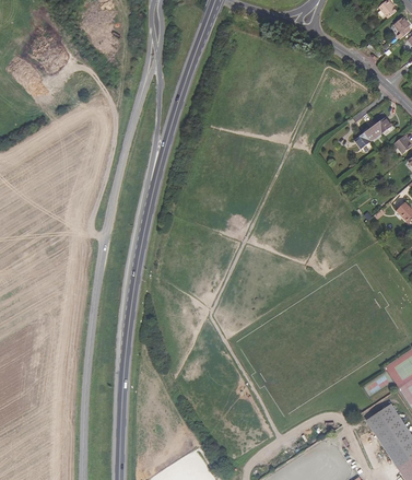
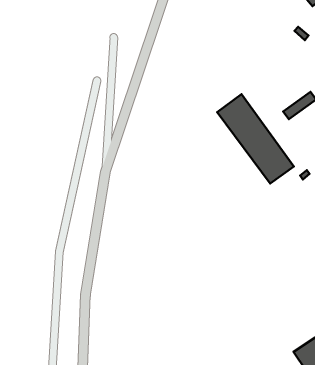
building: none -> [217,94,294,184]

